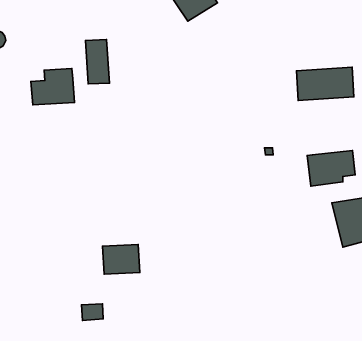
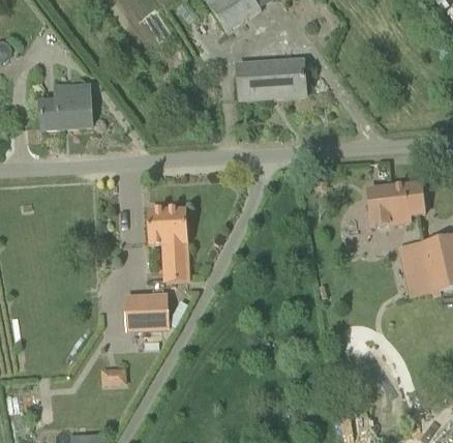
building: [85,40,109,84] -> none
building: [296,67,354,100] -> [238,59,306,98]
building: none -> [149,208,188,279]

